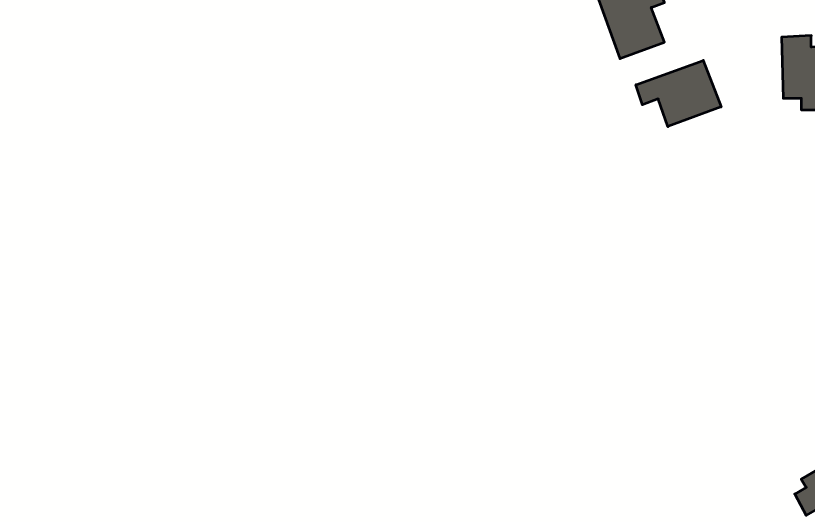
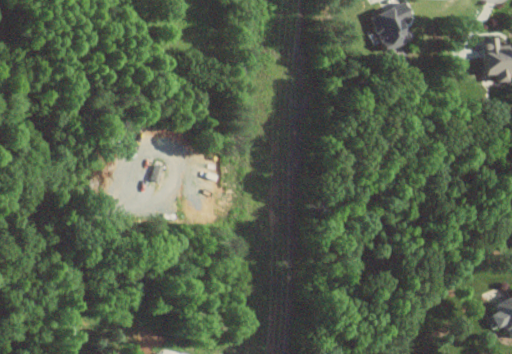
building: [636,60,721,127] -> none

